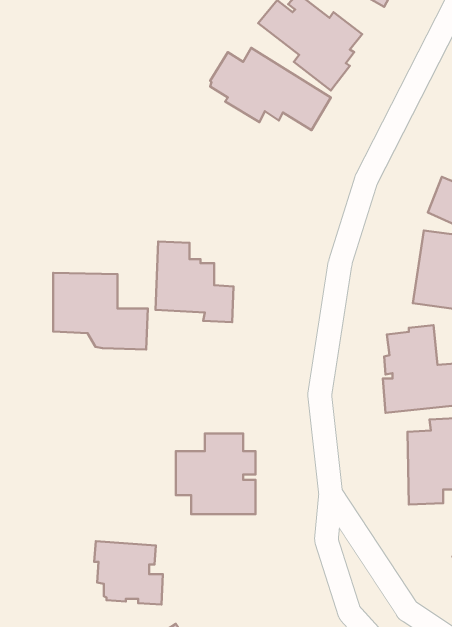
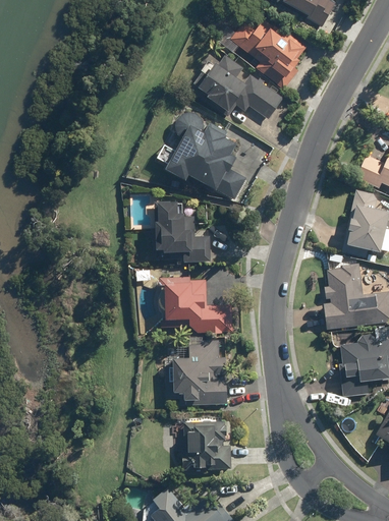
building: none -> [157,112,248,199]
building: [53,273,148,349] -> [162,277,232,334]
building: [94,541,163,604] -> [182,421,233,468]

